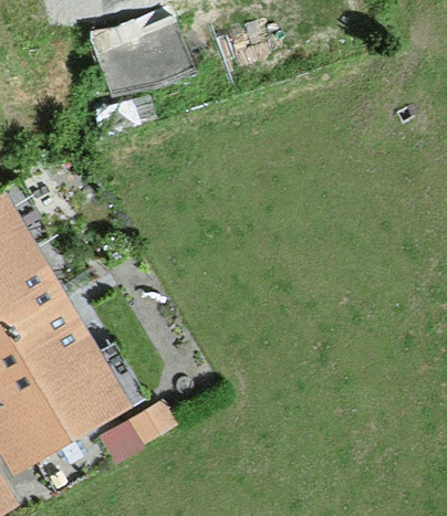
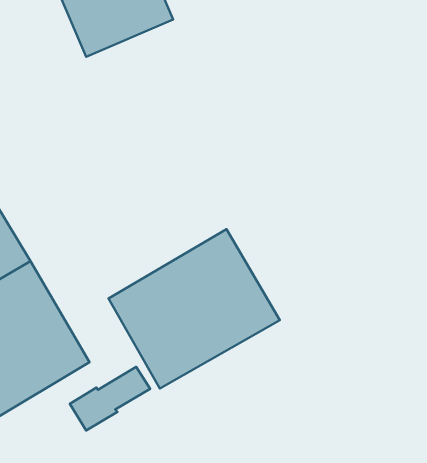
building: none -> [109,229,280,388]

